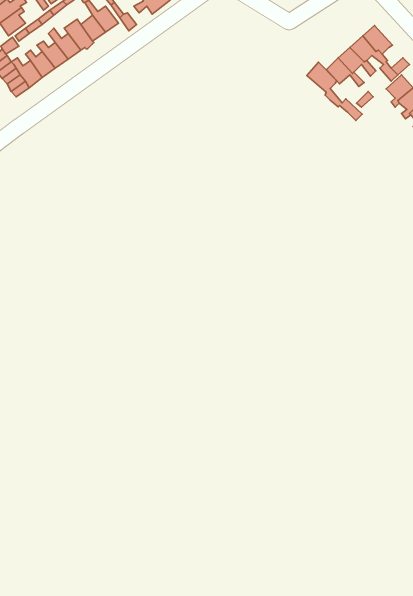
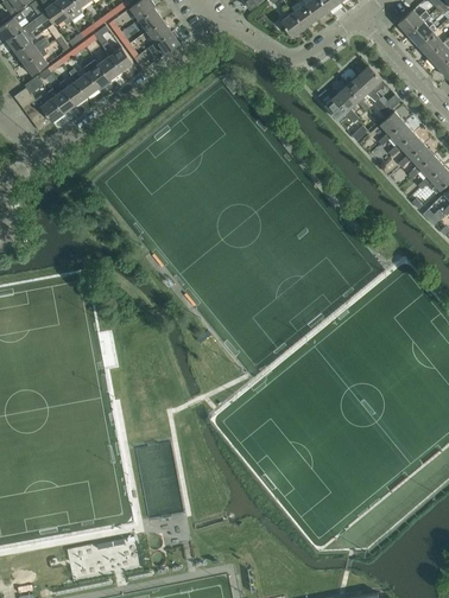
building: [307,62,362,121] -> none

